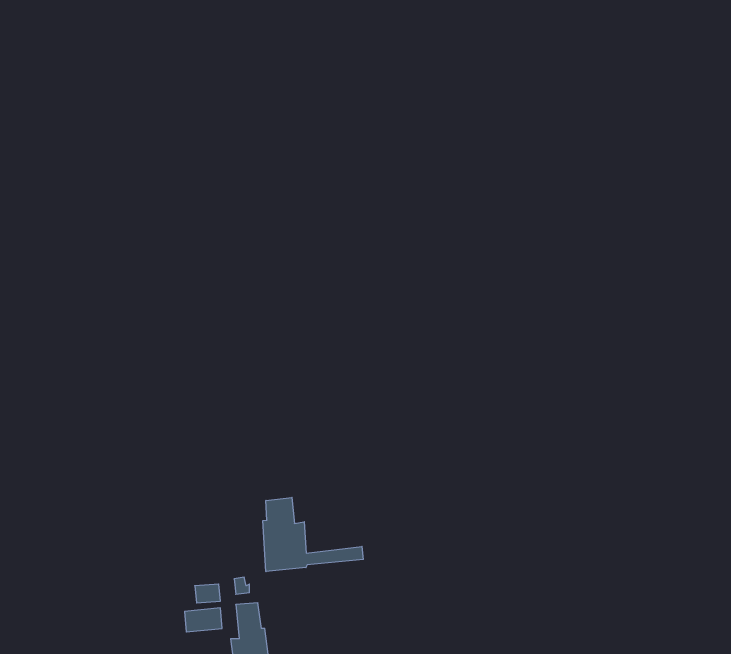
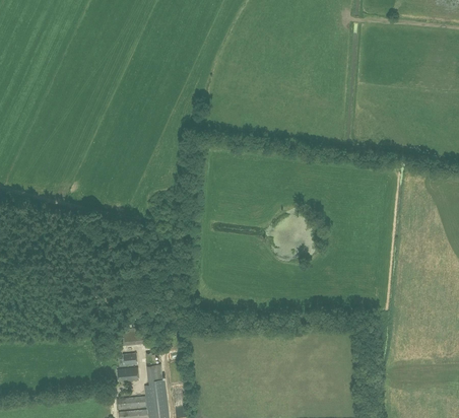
building: [263,497,363,572] -> none

